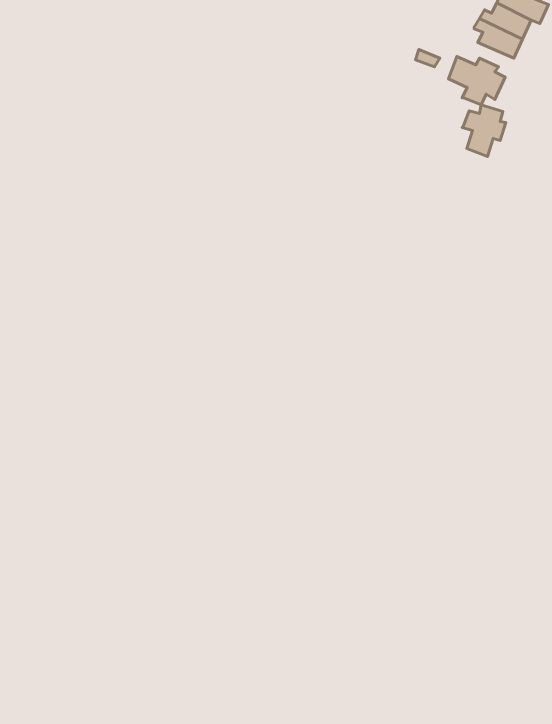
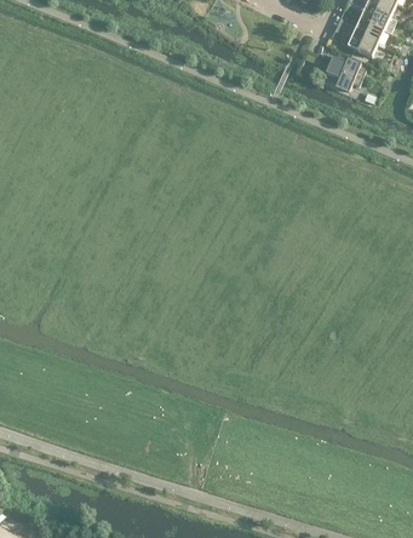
building: [462,105,506,156] -> none

